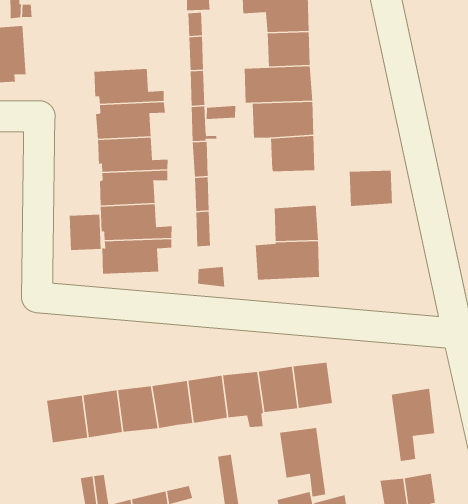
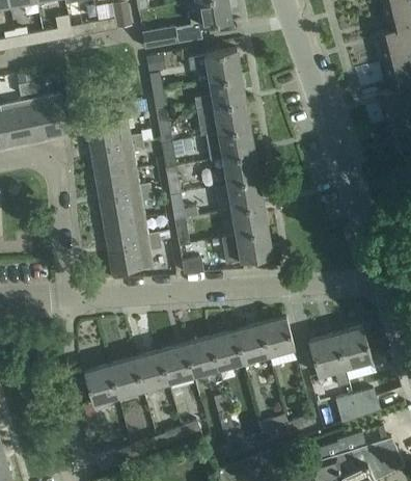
building: none -> [30,92,68,138]
building: [349,170,393,207] -> [227,178,263,209]
building: [69,214,101,251] -> none
building: [279,427,326,497] -> [308,335,349,386]

